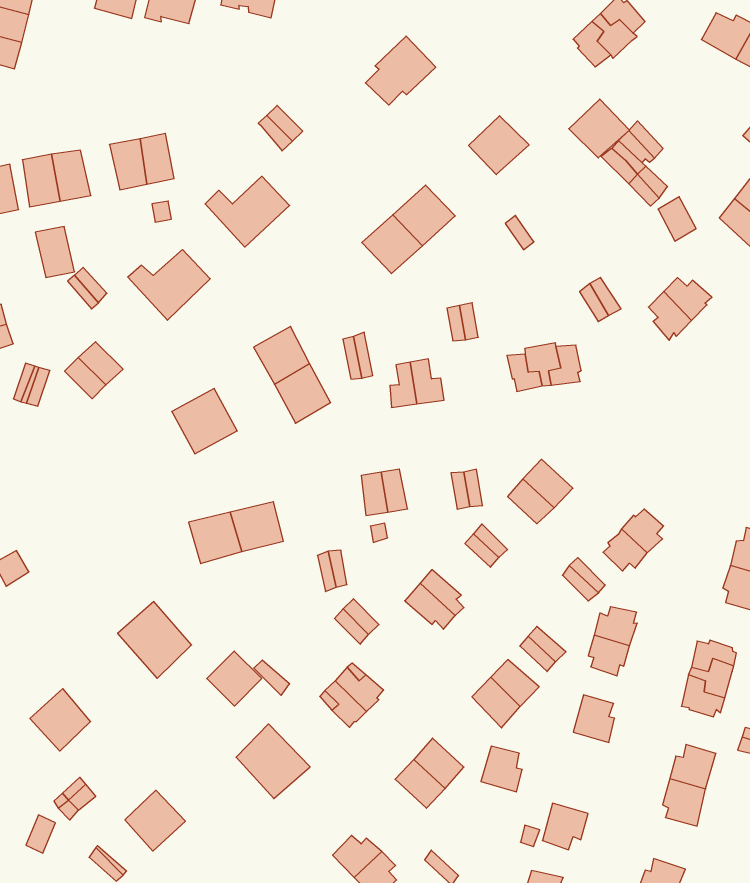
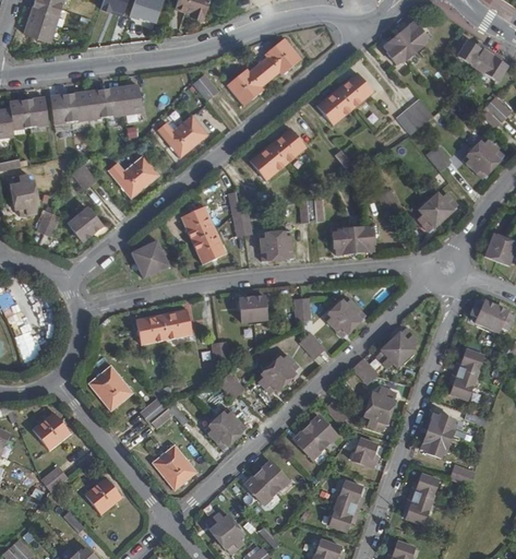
building: none -> [227,64,271,105]
building: [569,99,629,158] -> [336,73,372,108]
building: [35,227,75,277] -> [85,91,107,120]
building: [481,746,522,792] -> [339,480,364,509]

